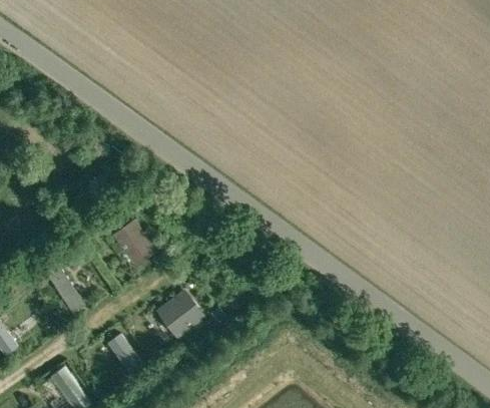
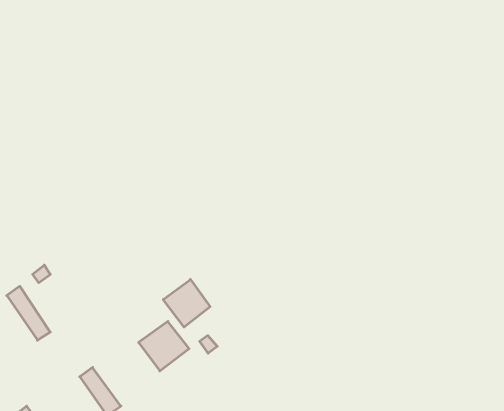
building: [112,220,154,264] -> none
building: none -> [163,279,210,327]

